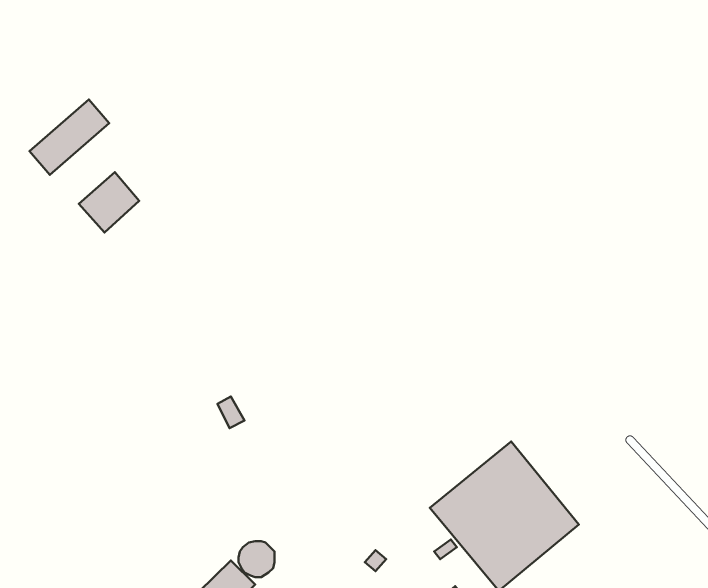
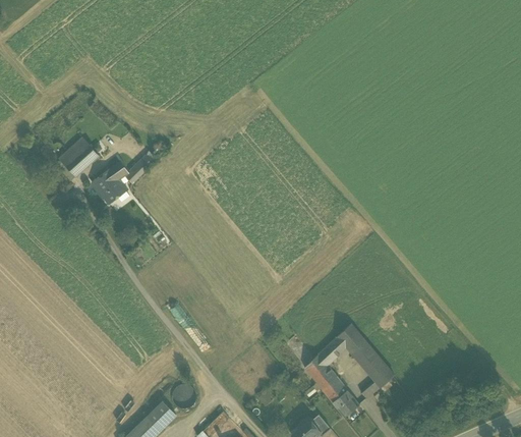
building: [30,99,109,175] -> none
building: none -> [90,165,130,209]

